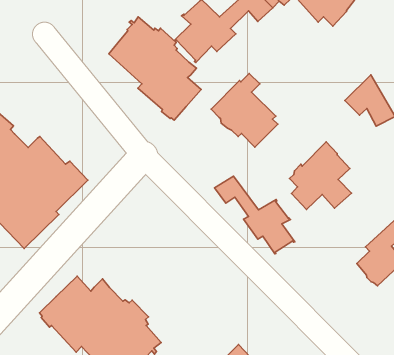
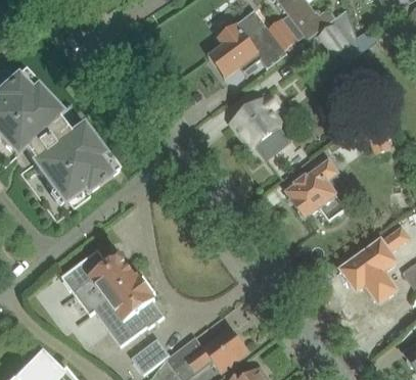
building: [109,17,201,120] -> none
building: [215,176,295,254] -> none

